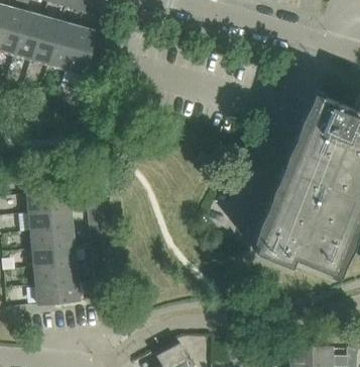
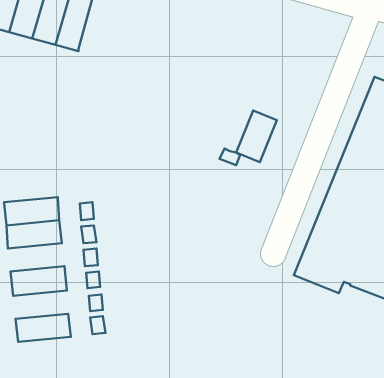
building: none -> [236,111,277,162]
building: [29,225,74,248] -> none
building: [33,263,77,285] -> none

